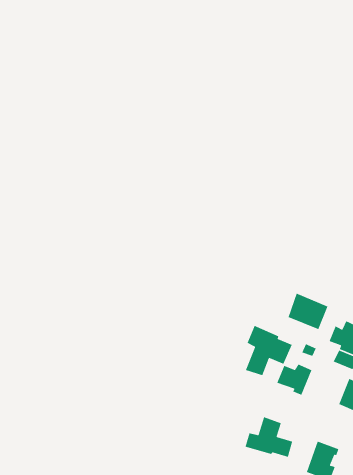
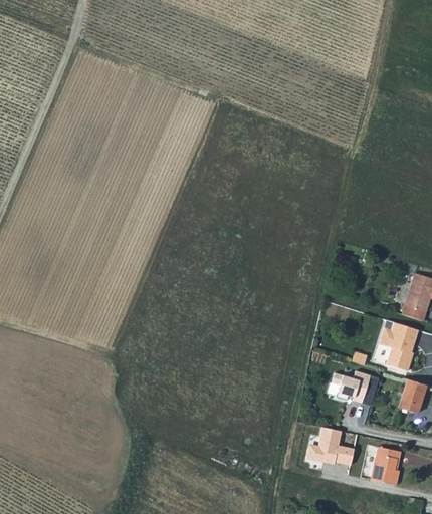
building: [287,292,329,330] -> none
building: [245,325,293,376] -> none

